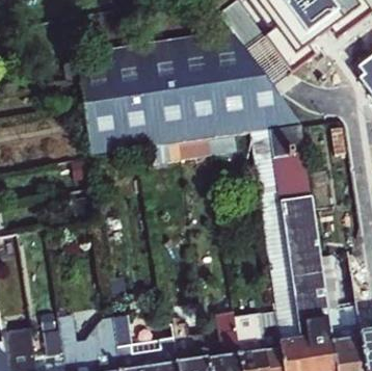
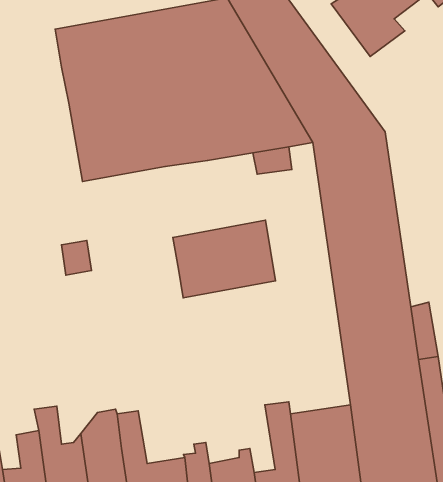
building: none -> [173,220,276,298]

